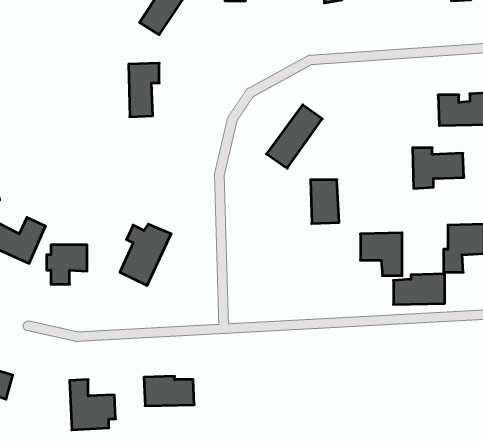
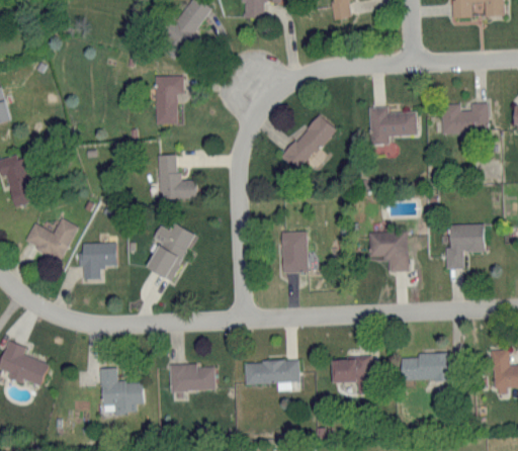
building: [413,148,464,188] -> [369,107,417,145]
building: none -> [158,155,196,199]
building: [311,180,339,224] -> [281,232,308,272]
building: [393,274,445,304] -> [402,352,449,380]
building: none -> [331,357,372,394]
building: none -> [245,360,299,390]

